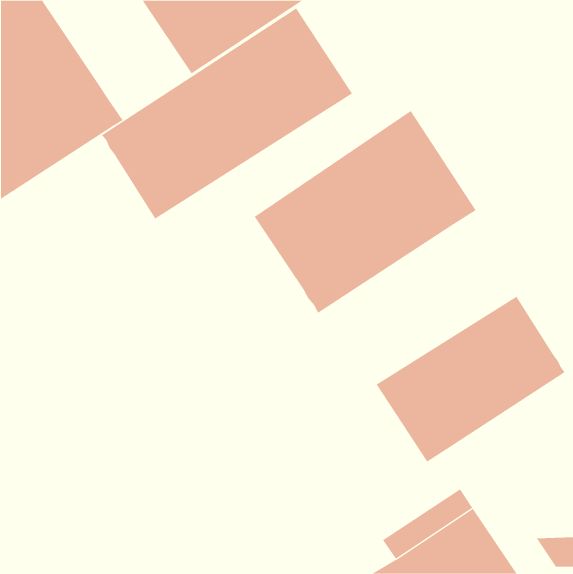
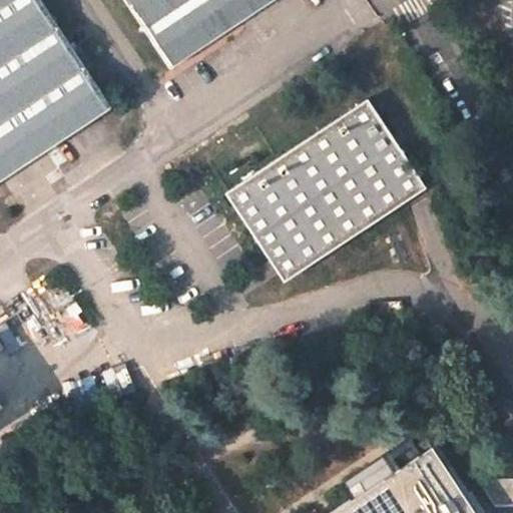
building: [101,8,353,219] -> none
building: [376,296,565,463] -> none

